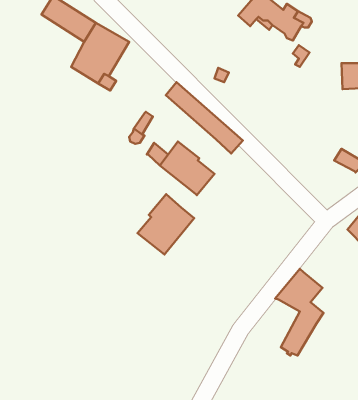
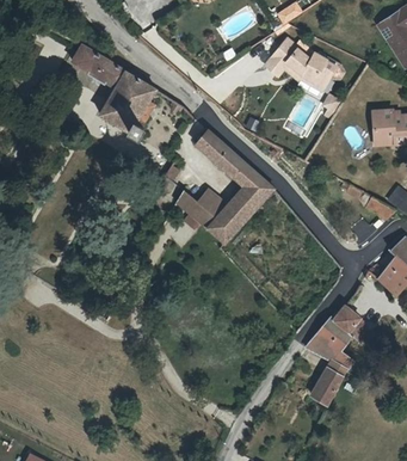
building: none -> [228,186,261,221]
building: [138,194,194,255] -> none
building: none -> [334,307,365,339]

